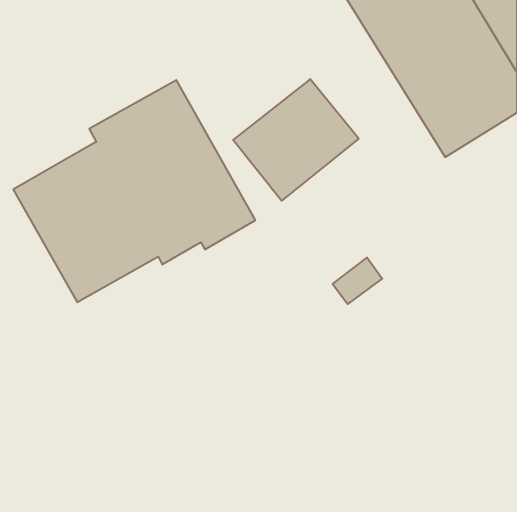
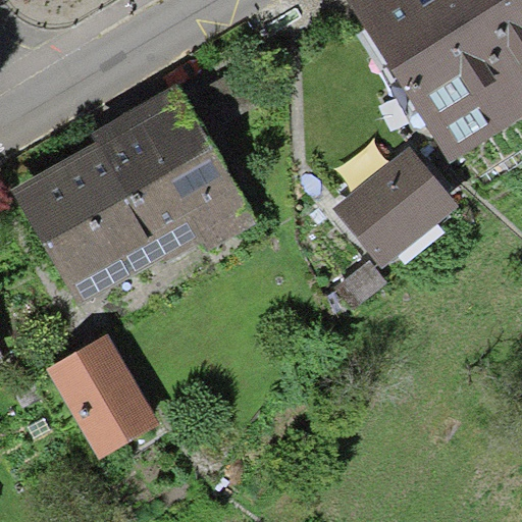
building: [233,79,359,201] -> [333,145,460,267]
building: none -> [47,335,159,459]

